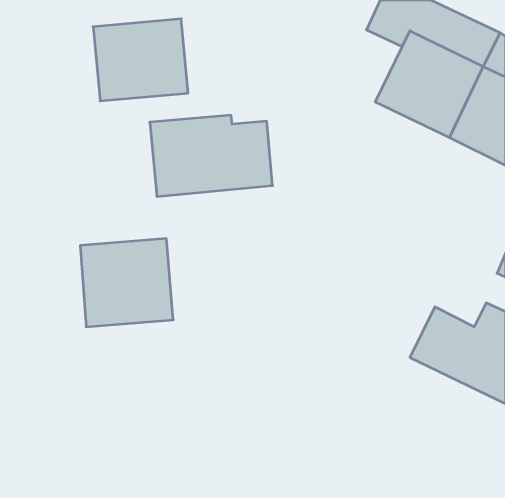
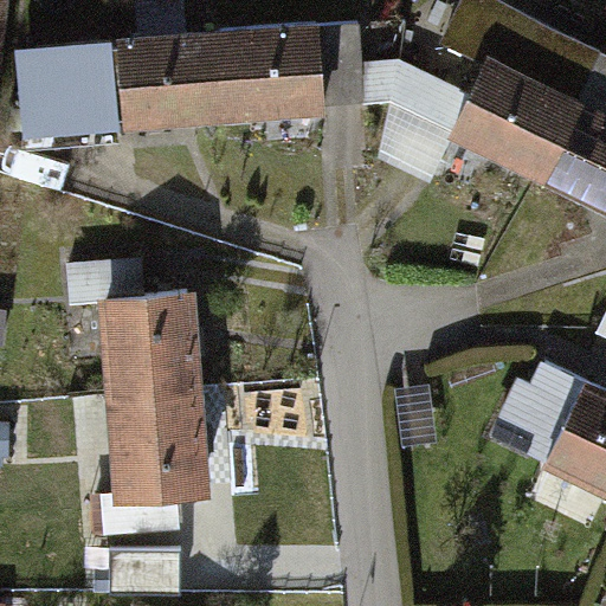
building: none -> [12,41,121,140]
building: [150,115,273,196] -> [218,24,365,121]
building: none -> [104,392,215,497]

